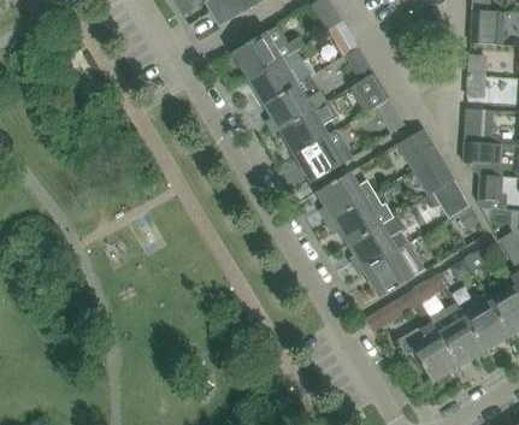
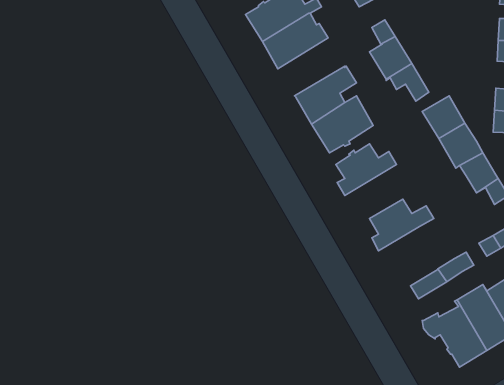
building: [263,73,325,134] -> none
building: [325,191,382,242] -> none
building: [356,242,424,295] -> none

